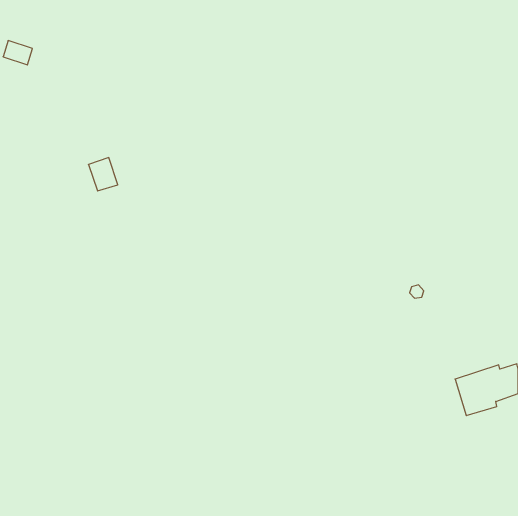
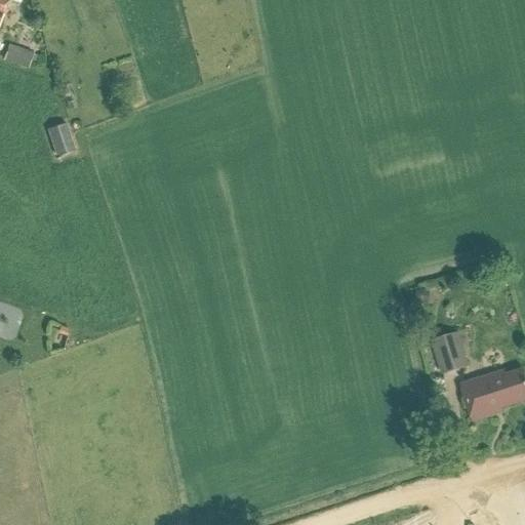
building: [88,158,118,191] -> [45,121,75,155]
building: none -> [431,330,469,373]

